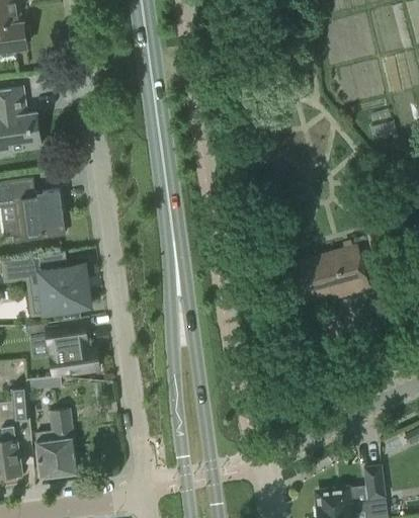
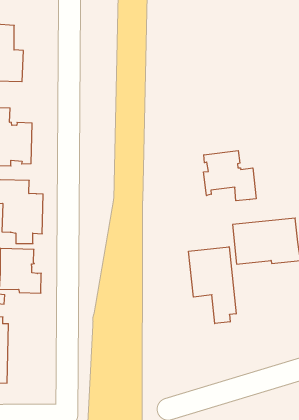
building: none -> [204,151,256,201]
building: none -> [189,247,236,324]

